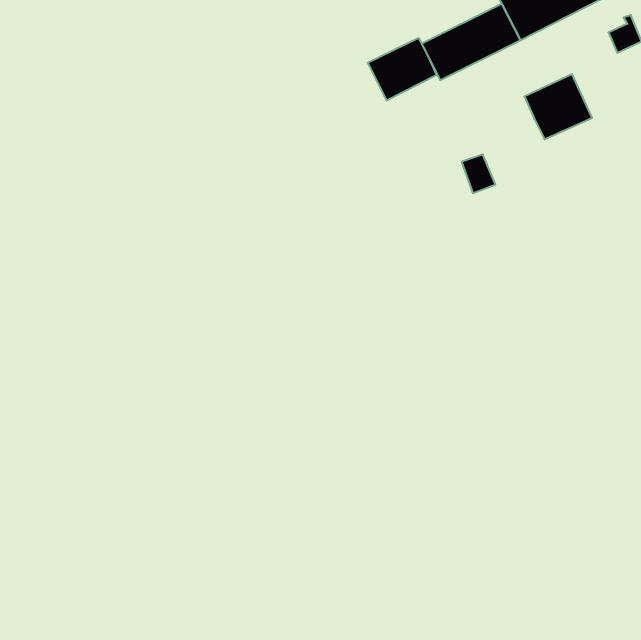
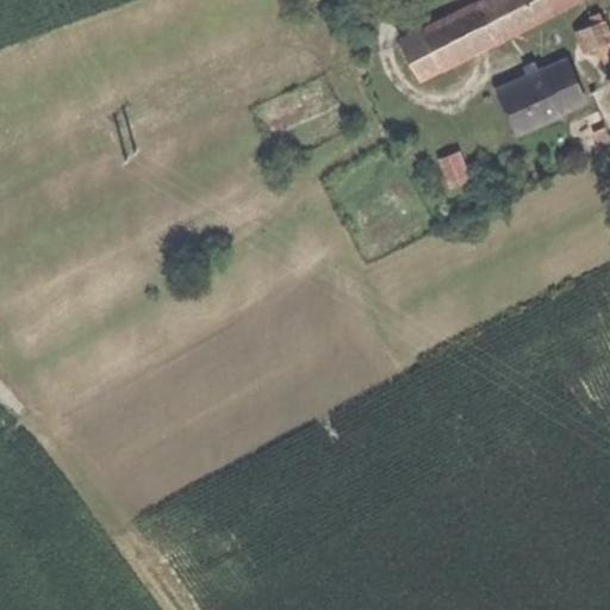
building: [368,38,436,101] -> none
building: none -> [543,61,585,112]

